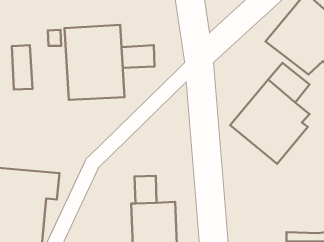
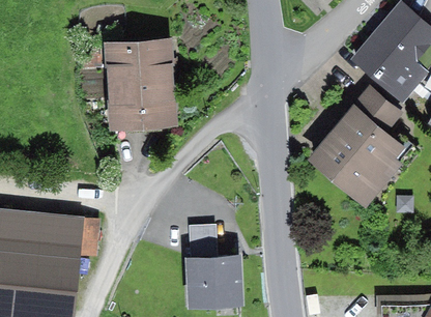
building: [12,45,33,89] -> none
building: [122,45,155,68] -> none

